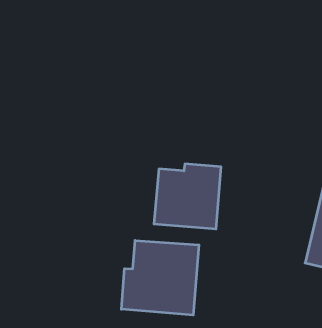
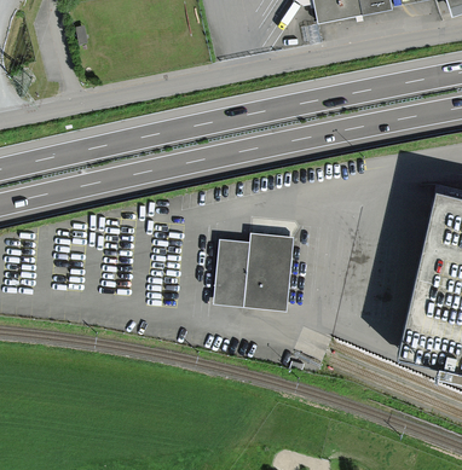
building: [121,240,199,315] -> none

